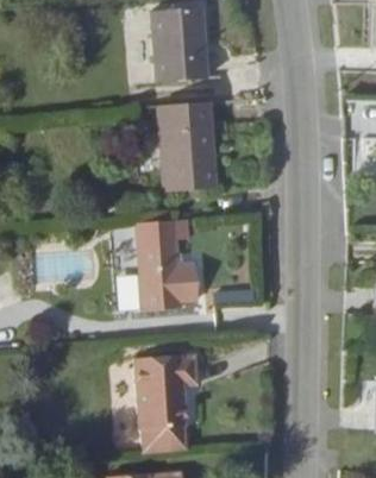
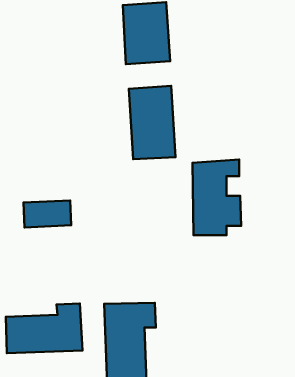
building: [137,227,193,314] -> [193,160,241,235]
building: none -> [6,304,82,353]

